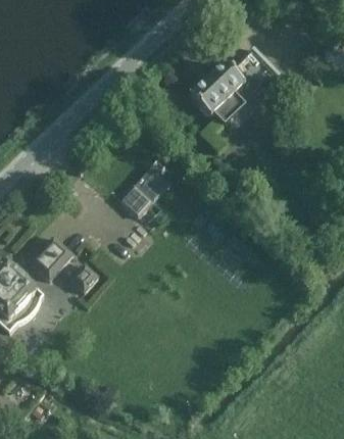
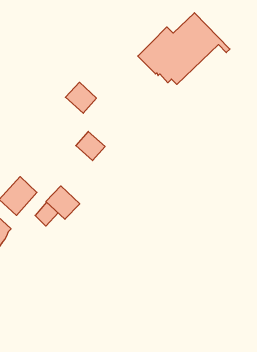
building: [134,165,169,201] -> [65,82,96,113]
building: none -> [46,186,80,219]

